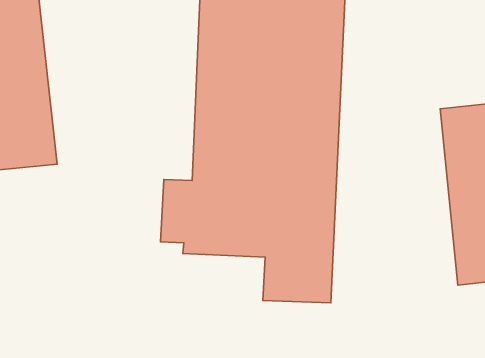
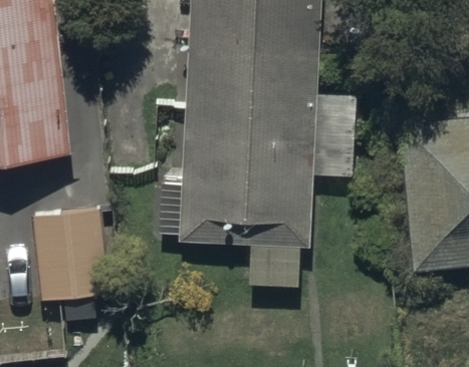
building: none -> [32,197,107,303]

